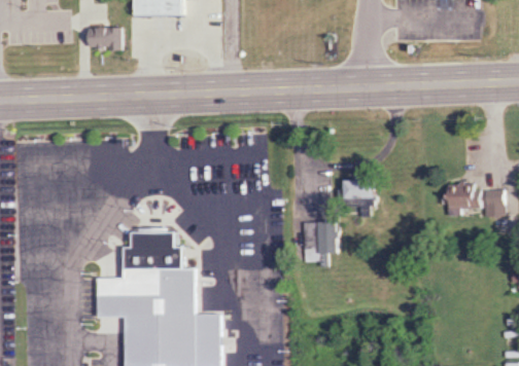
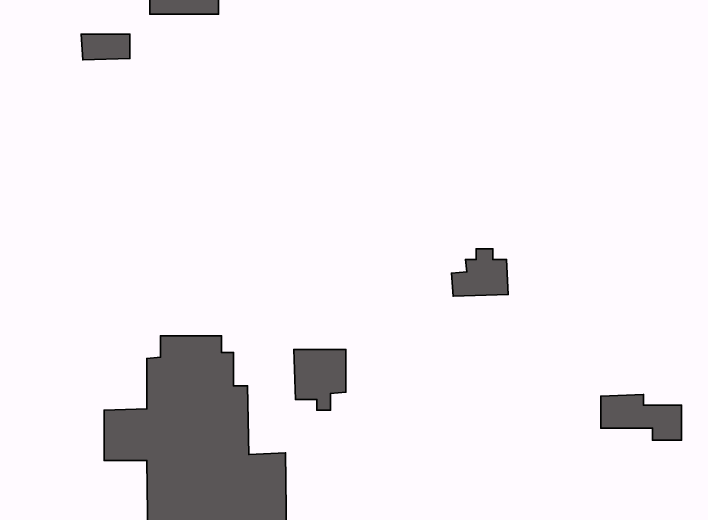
building: [445,186,499,217] -> [601,395,682,440]
building: [298,224,333,265] -> [294,349,346,410]

